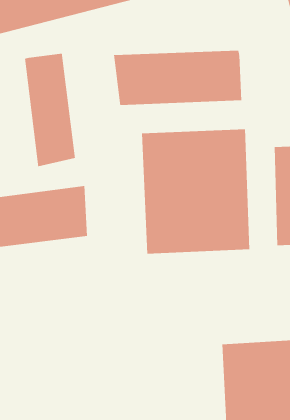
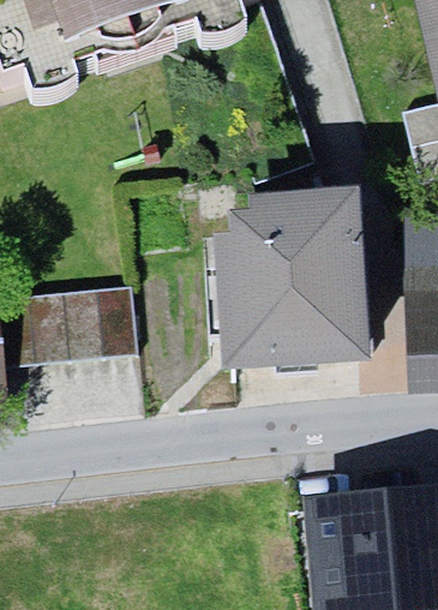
building: [113,50,242,106] -> none
building: [25,53,75,167] -> none

